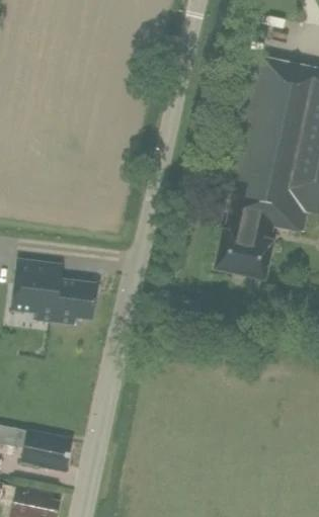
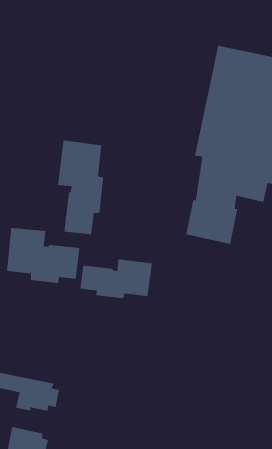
building: none -> [58,140,104,235]
building: none -> [80,259,152,299]

